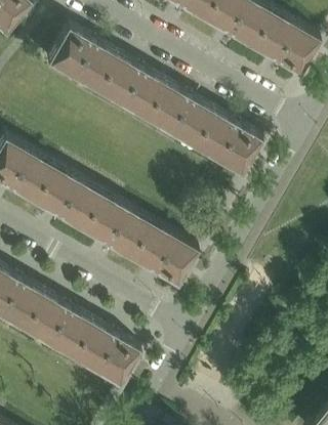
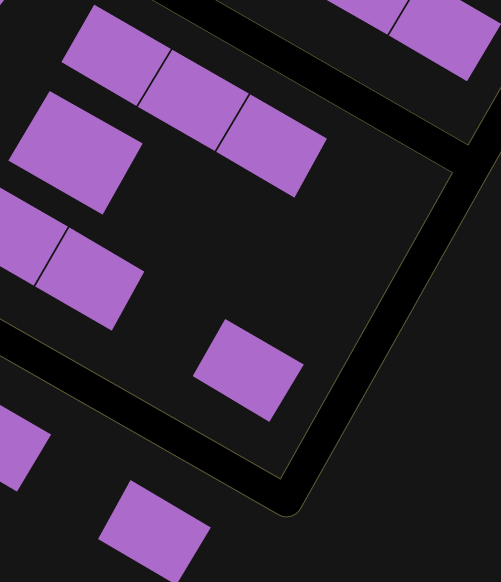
building: none -> [8,90,144,216]
building: [192,111,261,175] -> none
building: [79,193,149,257] -> none
building: [20,293,90,357] -> none

